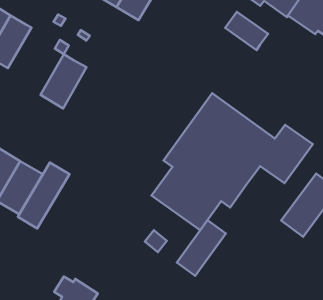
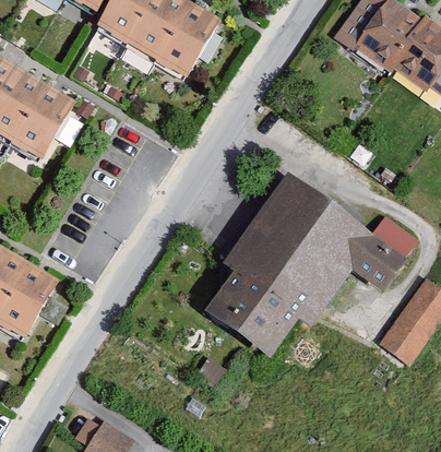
building: [225,12,268,50] -> none
building: [40,54,87,109] -> [12,83,74,156]
building: [18,162,70,228] -> none
building: [177,220,226,276] -> none

